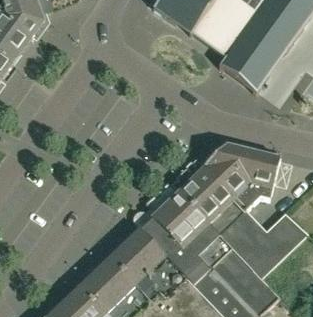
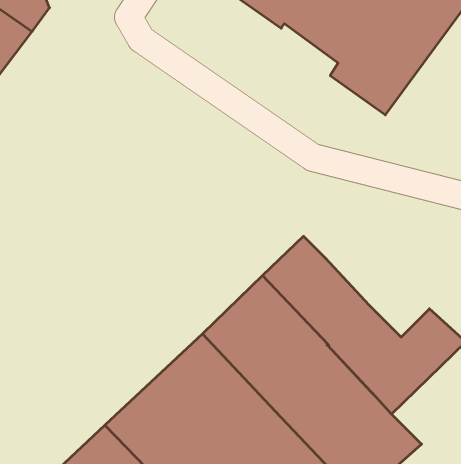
building: [204,145,279,210] -> none

